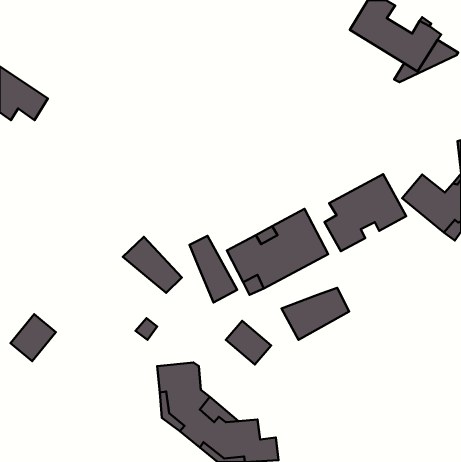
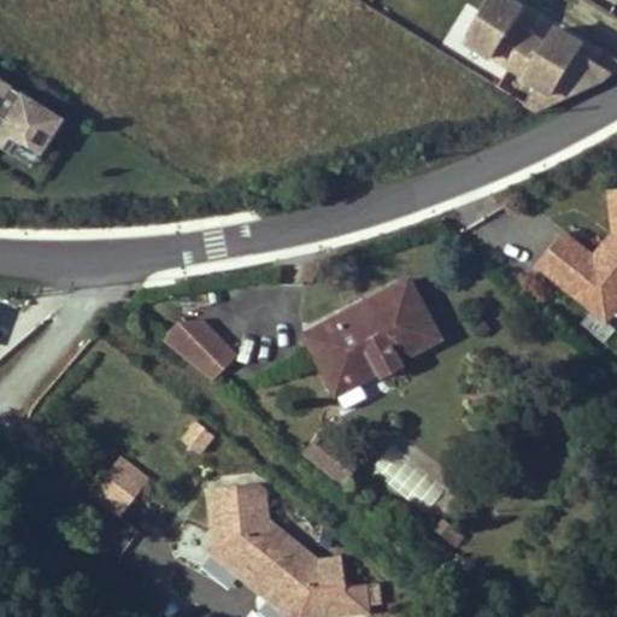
building: [325,174,406,251] -> none
building: [189,236,237,302] -> none
building: [282,288,349,340] -> none
building: [11,314,56,361] -> [90,456,151,518]

